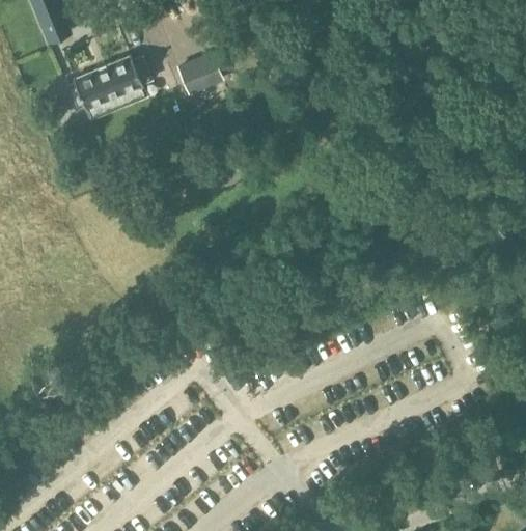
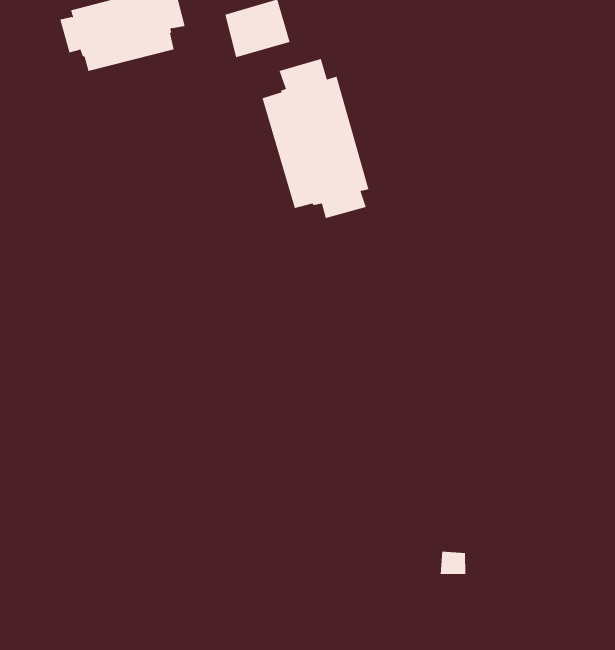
building: none -> [262,58,369,219]

